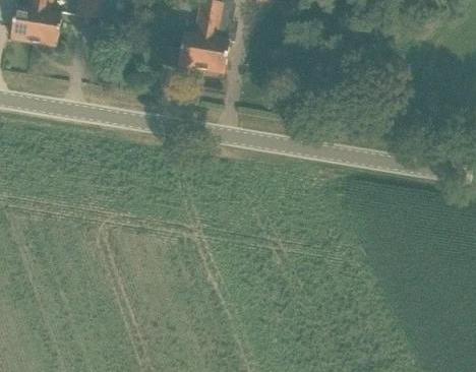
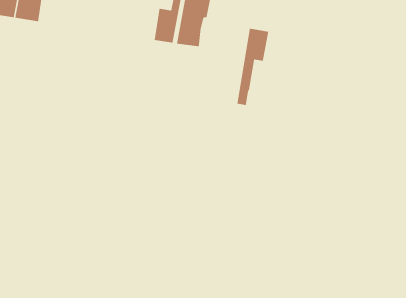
building: none -> [237,28,269,106]

